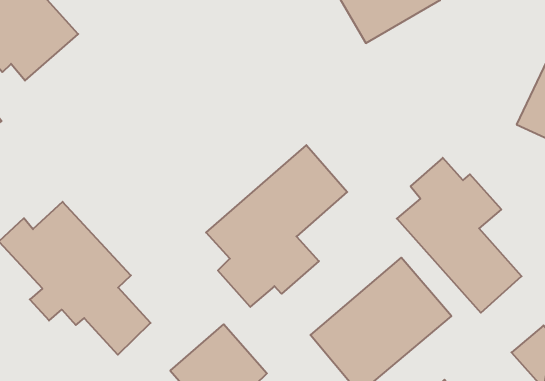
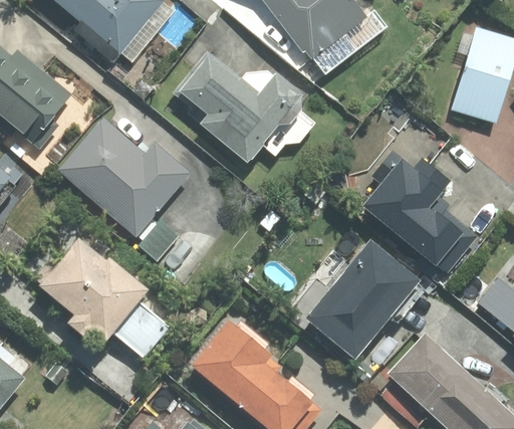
building: none -> [173,52,316,165]
building: none -> [59,119,192,238]
building: [206,145,347,307] -> none

